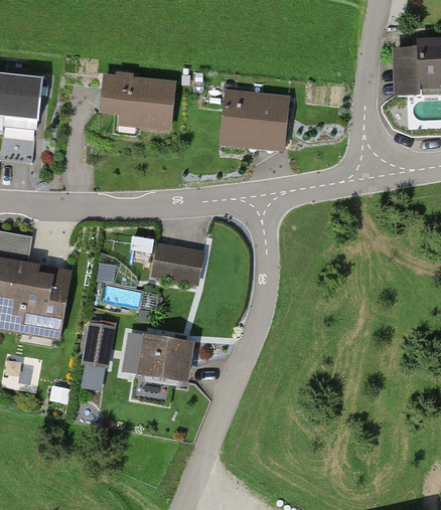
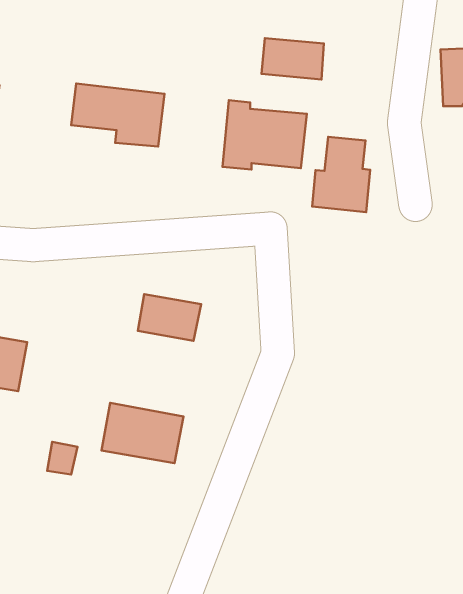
building: none -> [261,38,324,79]
building: none -> [312,137,370,212]
building: [86,320,113,365] -> none

